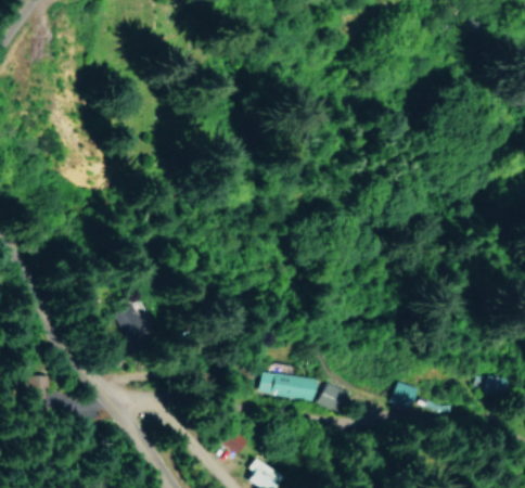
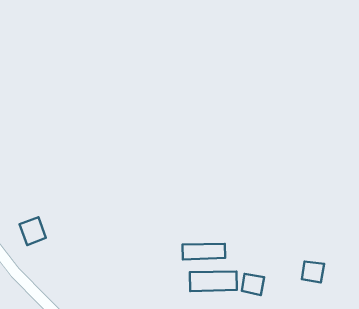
building: [121,307,149,336] -> [20,217,46,245]
building: none -> [182,244,225,259]

